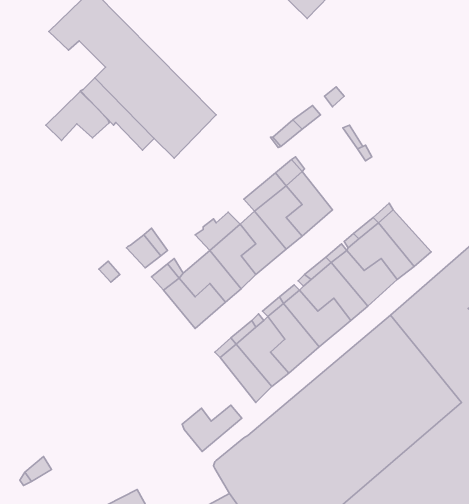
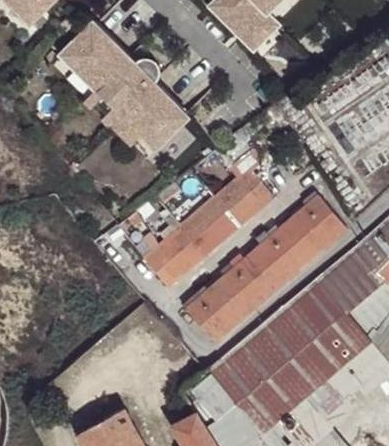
building: [46,92,109,140] -> none
building: [182,405,242,451] -> none

